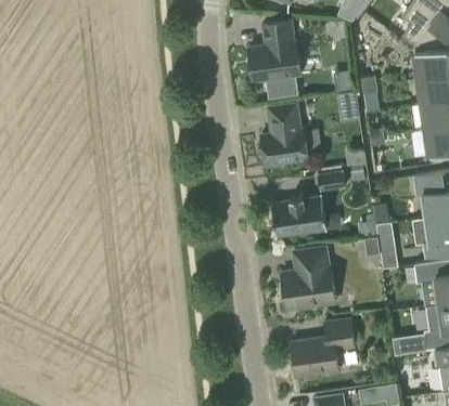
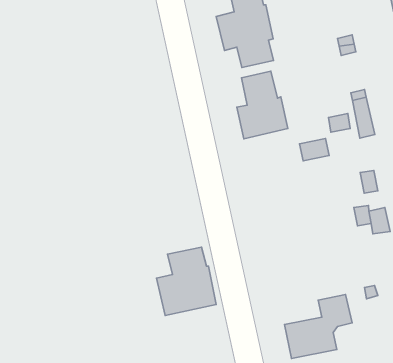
building: [270,195,325,238] -> none
building: [280,248,334,310] -> [157,247,216,315]

